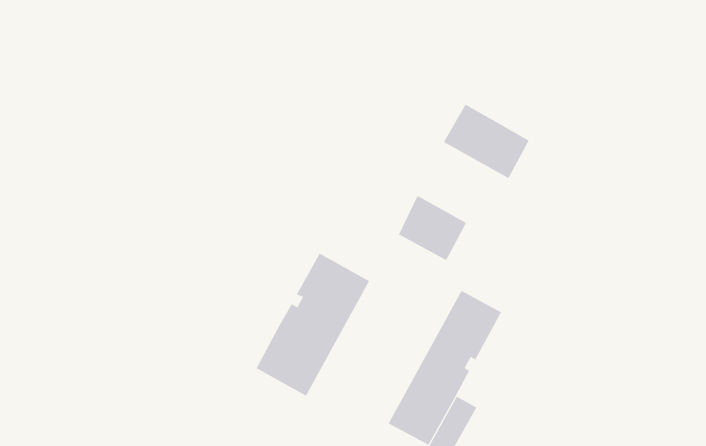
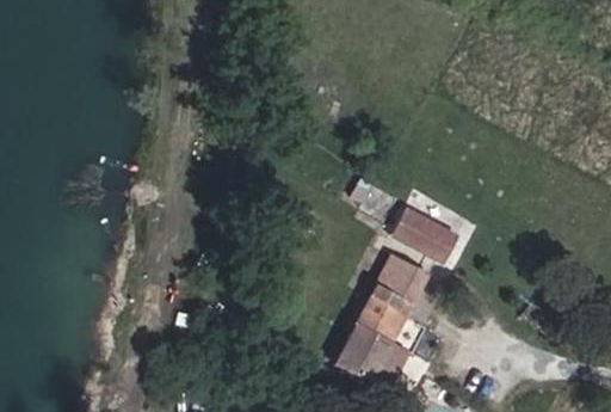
building: [443,104,529,179] -> [389,205,459,266]
building: [256,253,370,397] -> none

